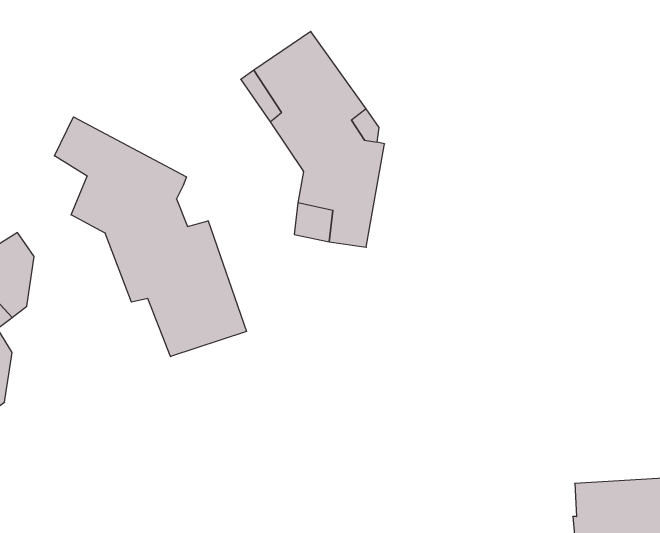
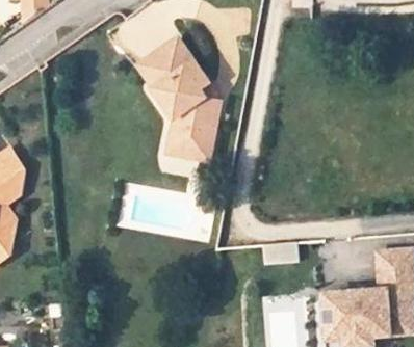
building: [54,117,246,357] -> none

